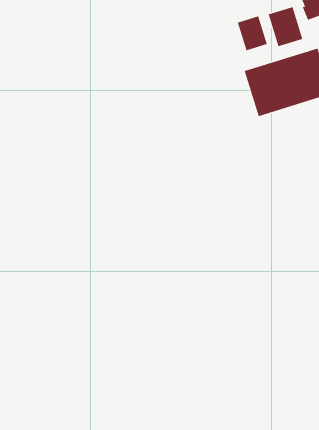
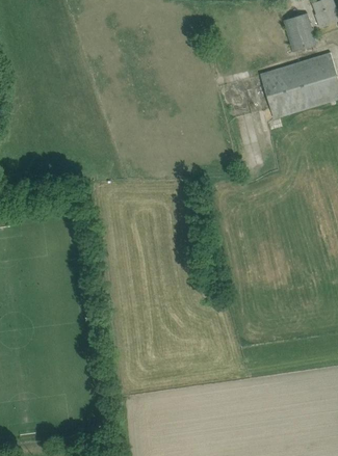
building: [237,16,267,51] -> none

